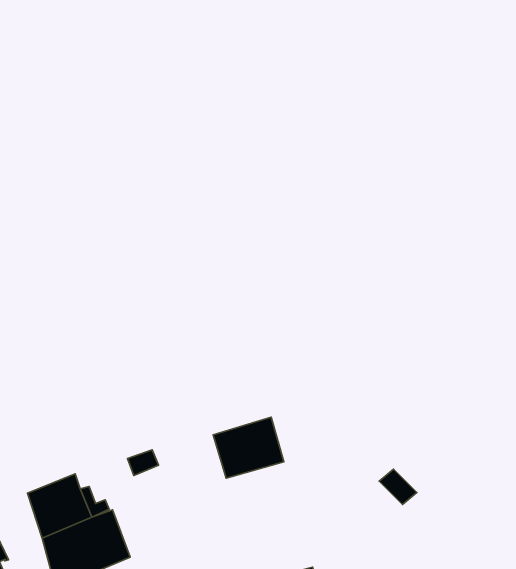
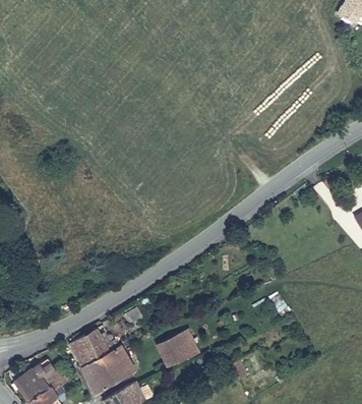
building: [213,417,284,478] -> [158,330,200,368]

